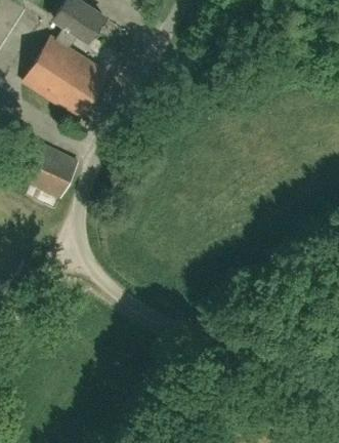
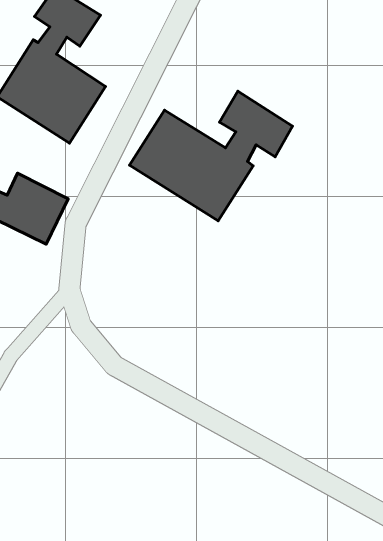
building: none -> [130,91,293,221]

